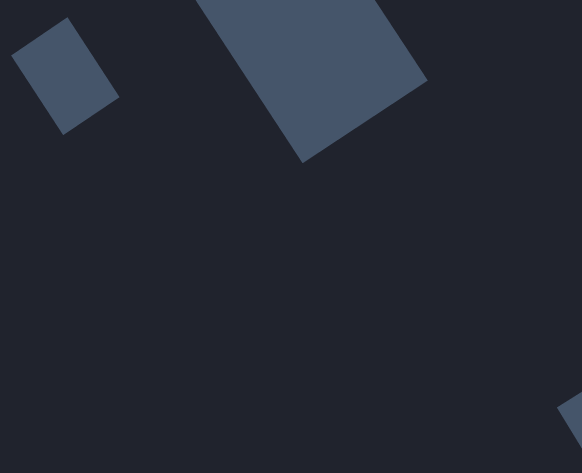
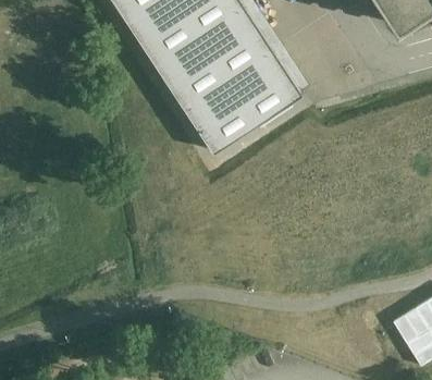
building: [10,16,121,136] -> none

